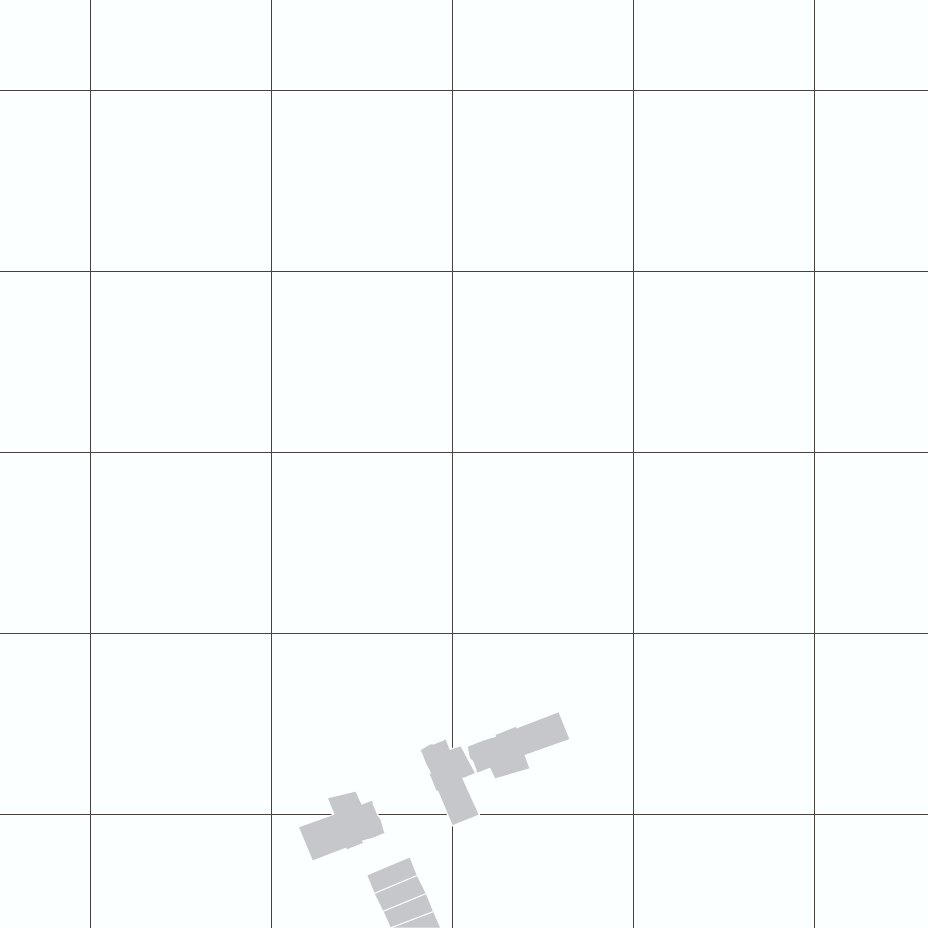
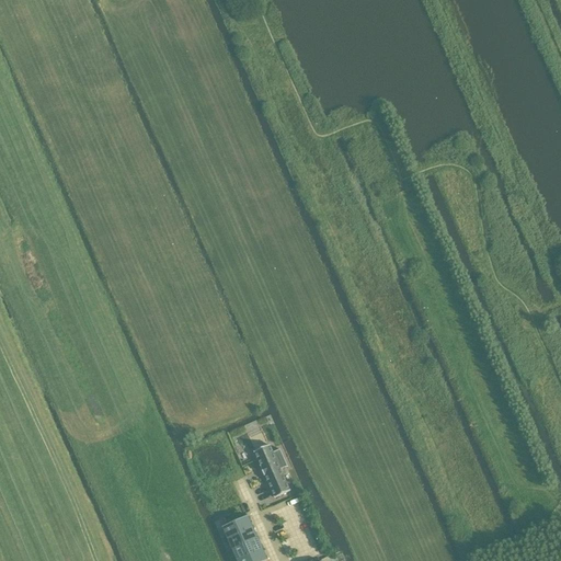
building: [466,712,570,779] -> none
building: [298,791,386,861] -> none

